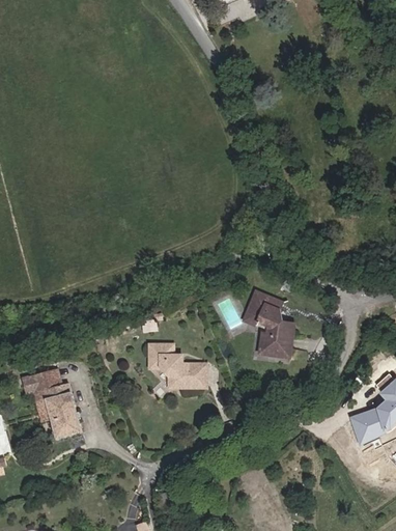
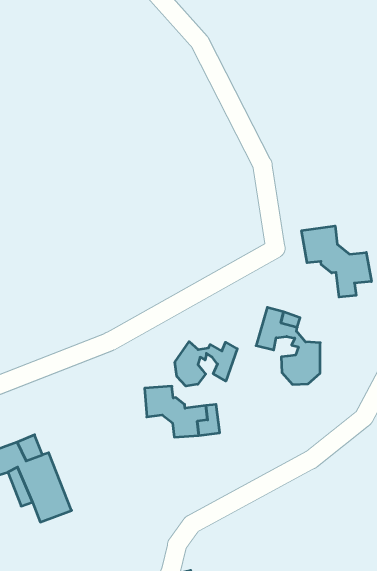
building: none -> [302,226,371,297]
building: none -> [175,342,237,386]

